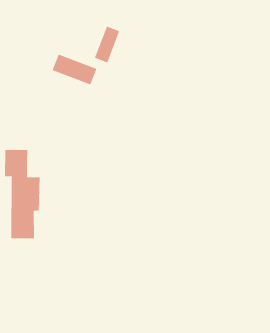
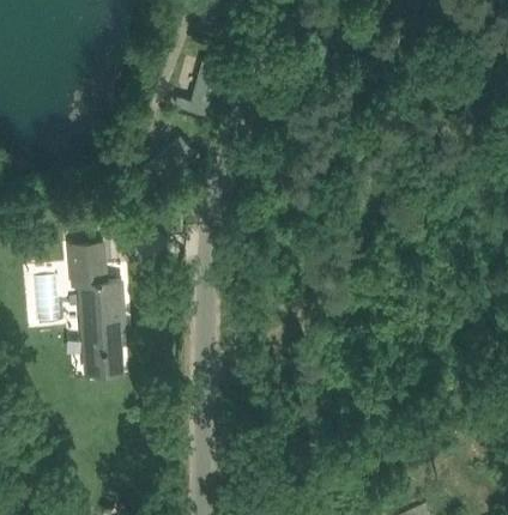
building: [52,53,97,86] -> none

